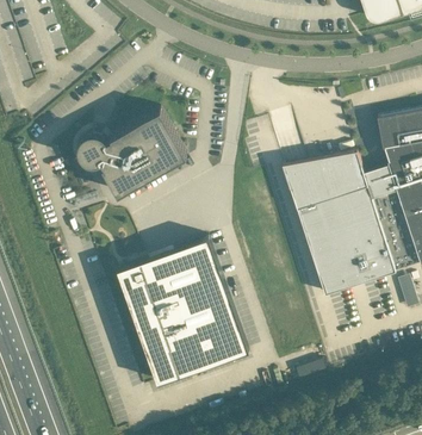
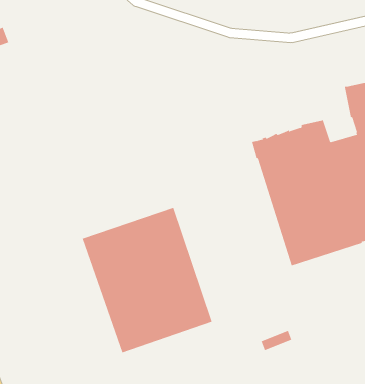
building: [72,108,187,194] -> none

